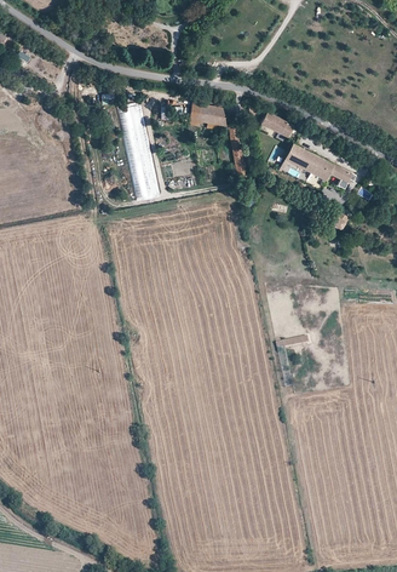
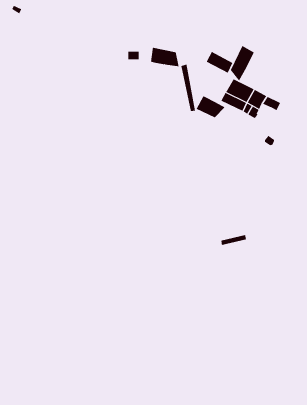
building: none -> [230,45,254,82]
building: none -> [196,96,225,118]

